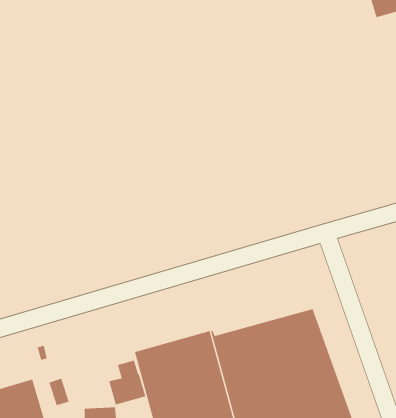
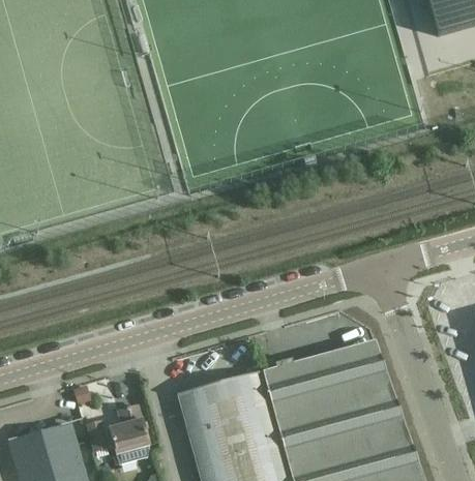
building: [108,360,146,405] -> [110,405,150,454]

